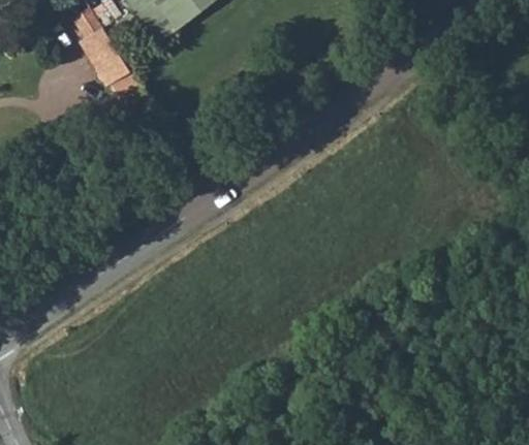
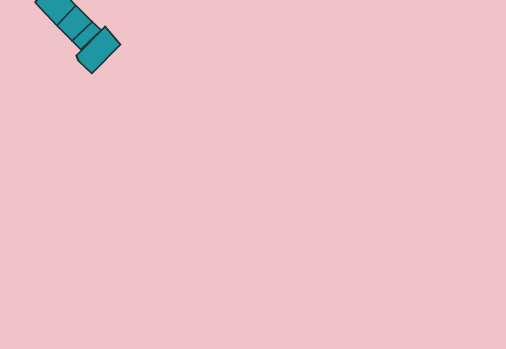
building: none -> [76,26,120,73]

